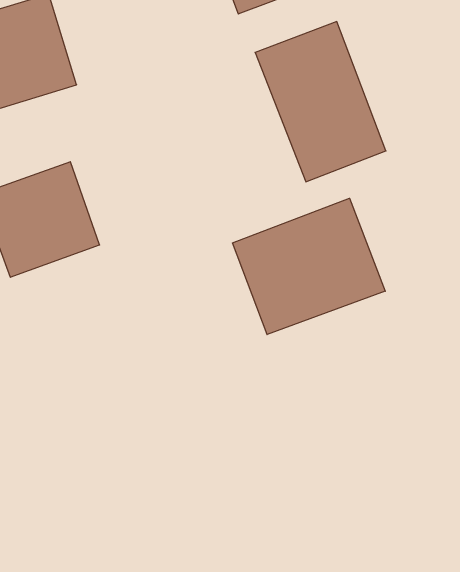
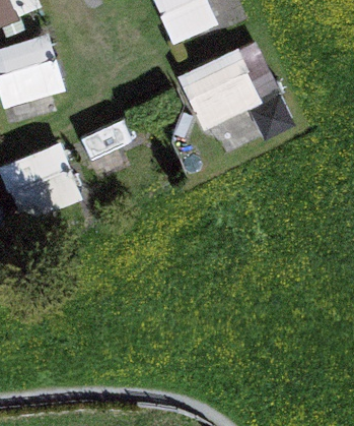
building: [232,198,385,335] -> none

